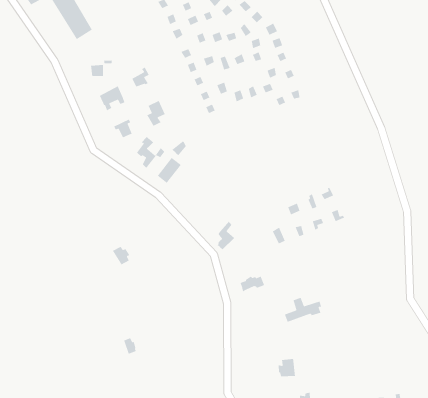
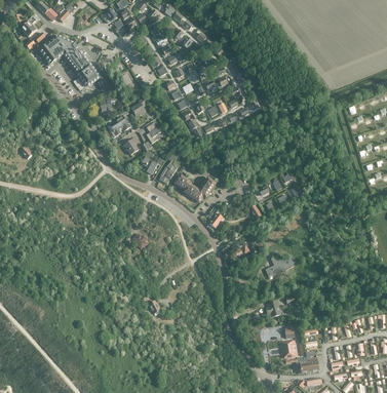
building: none -> [175,174,216,201]

